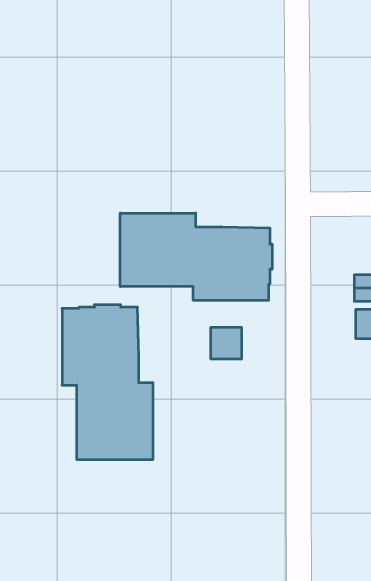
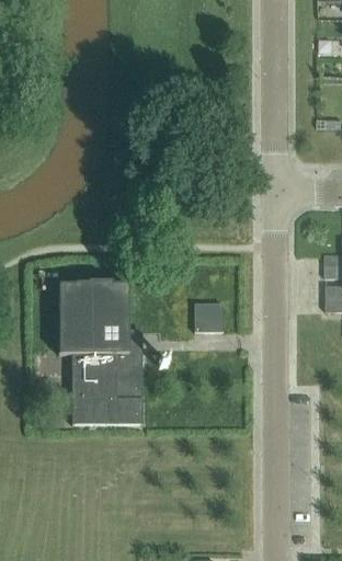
building: [120,213,272,300] -> none

